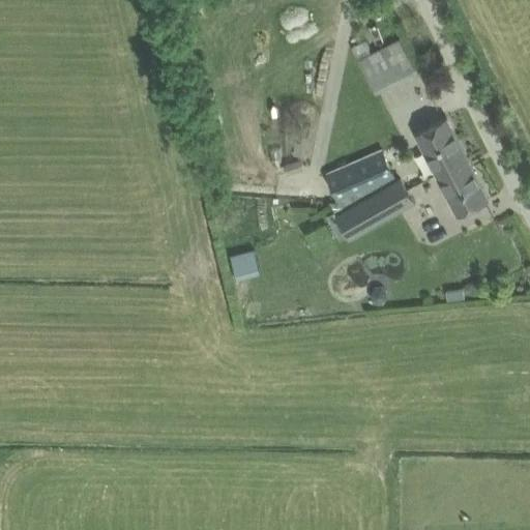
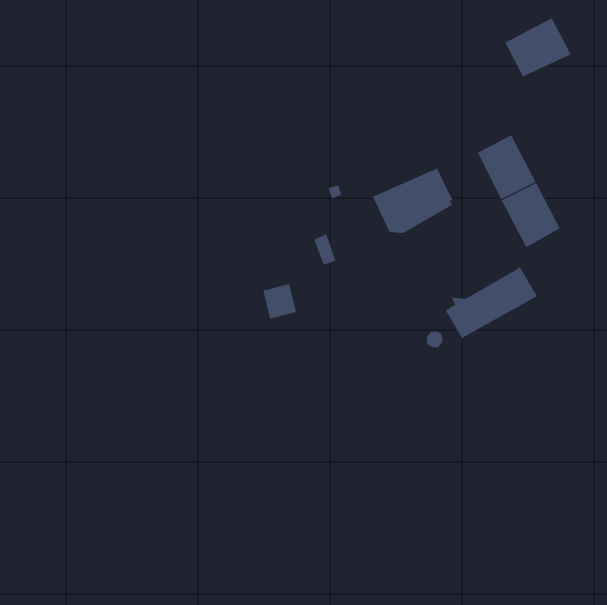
building: [355,39,413,91] -> [505,18,571,77]
building: [332,178,413,241] -> [445,266,538,339]

